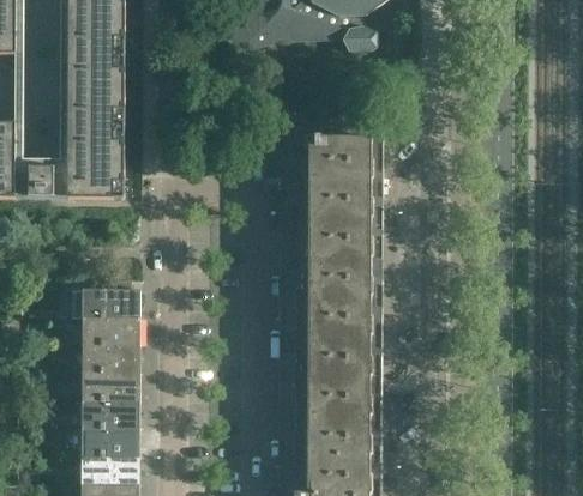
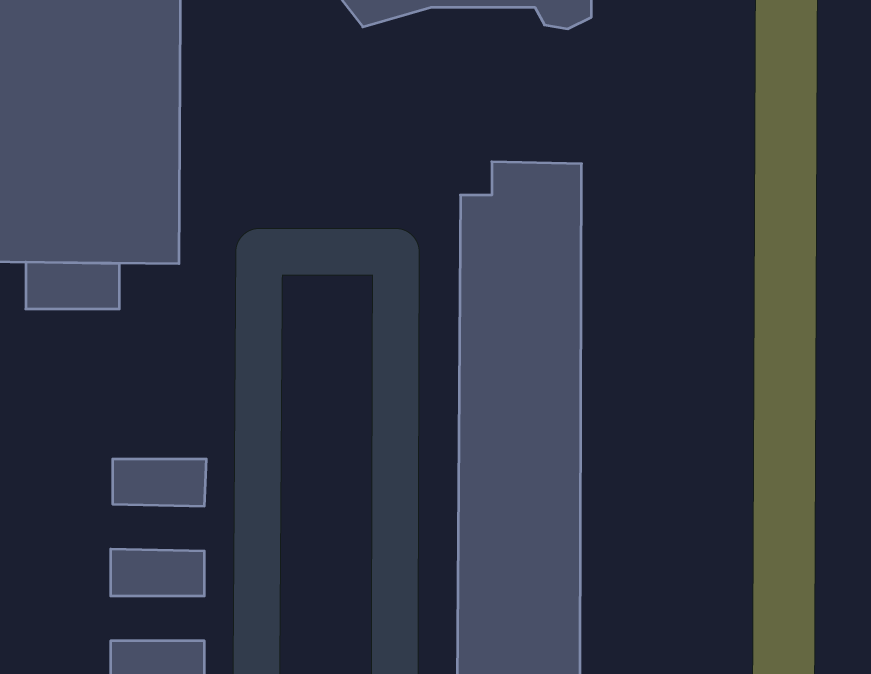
building: [84,288,142,316] -> [26,262,119,309]
building: [83,344,140,373] -> none
building: [83,400,140,428] -> none

